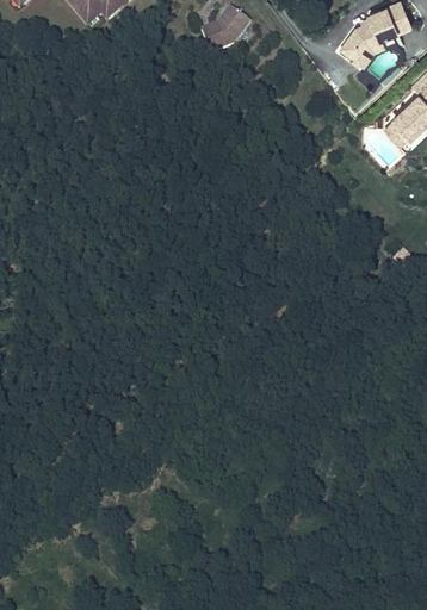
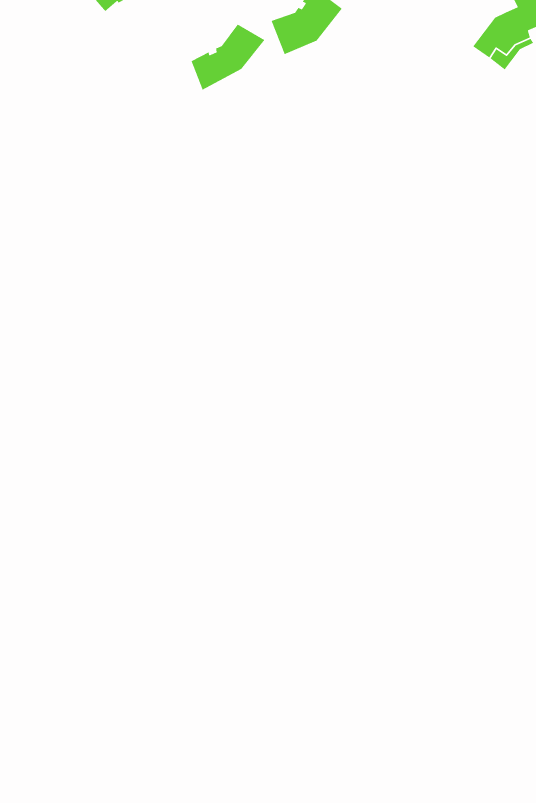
building: none -> [191,24,266,91]

